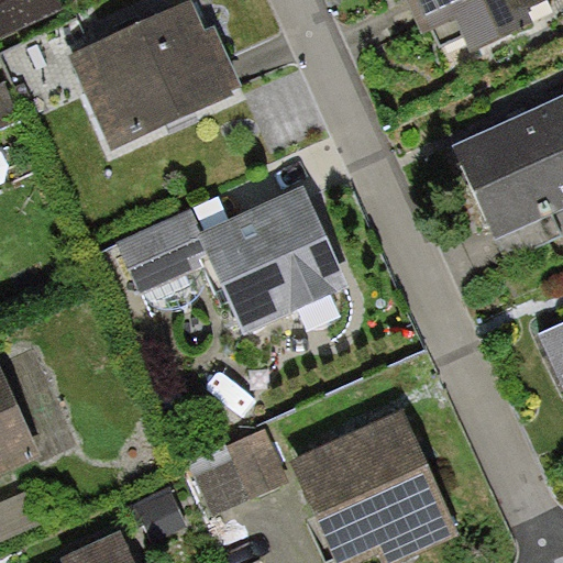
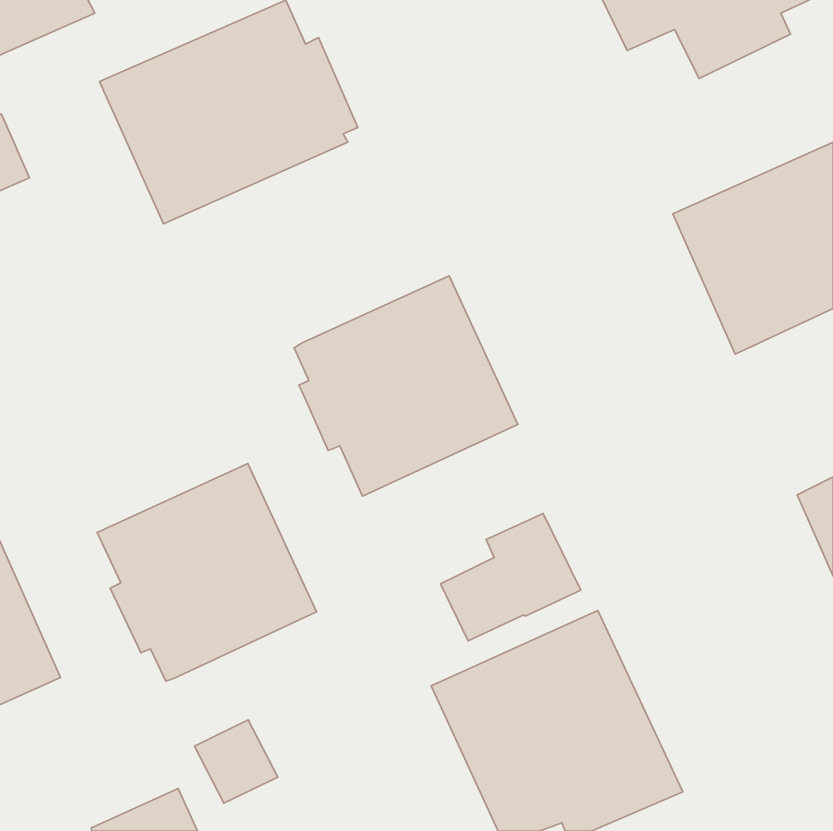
building: [115,208,208,294] -> none
building: none -> [97,463,316,681]
building: [195,429,289,515] -> [440,513,581,641]

